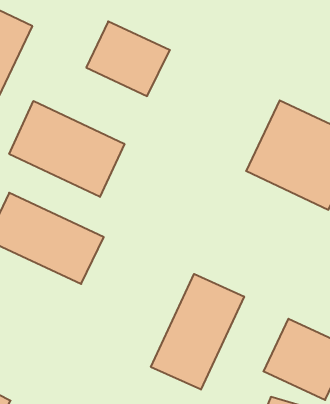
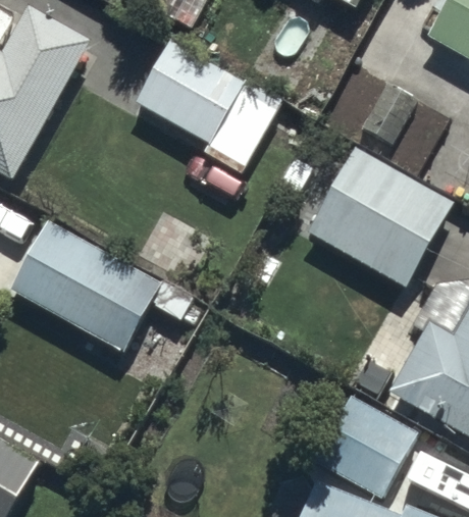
building: [9,101,124,197] -> none
building: [151,274,244,390] -> none

